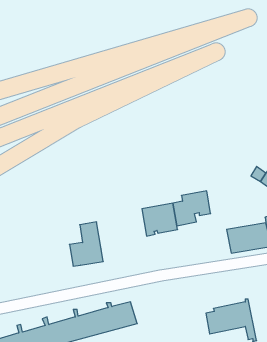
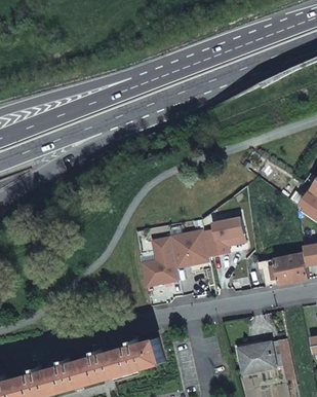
building: [69,222,103,266] -> [138,237,175,285]

